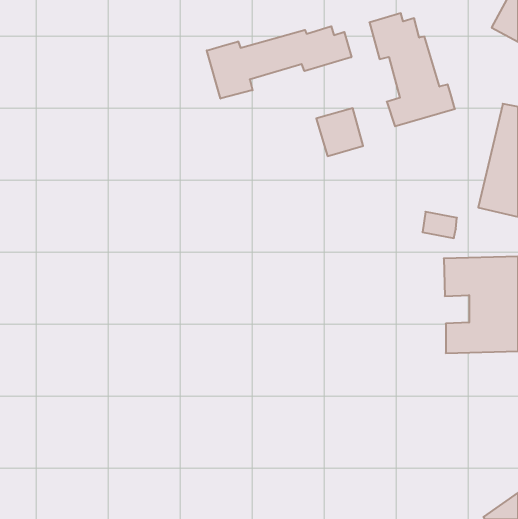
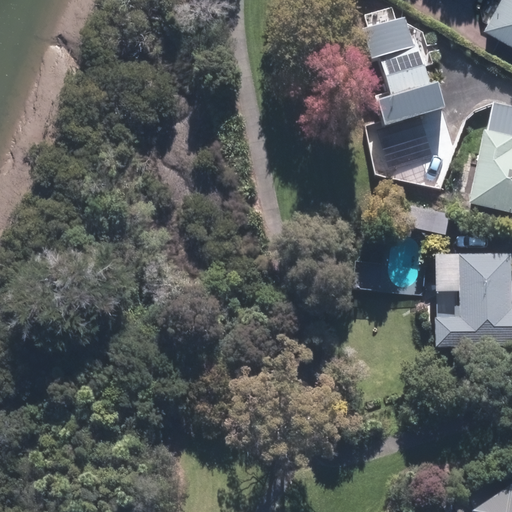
building: [207,26,351,99] -> none
building: [316,108,363,156] -> [385,122,431,169]

